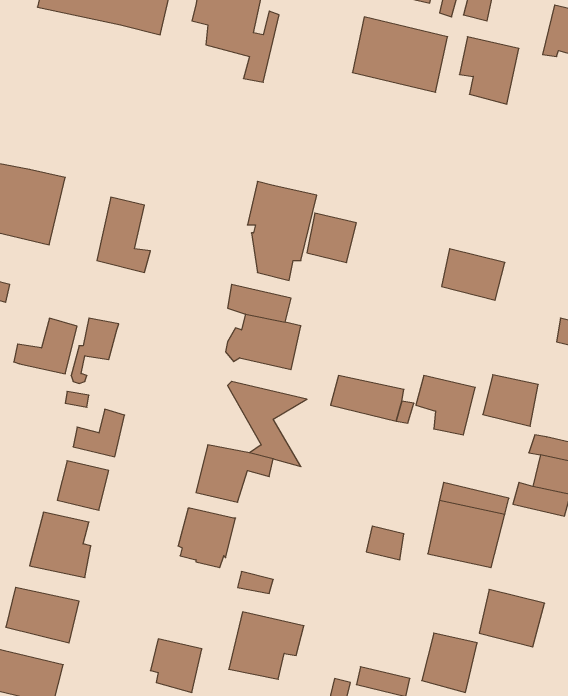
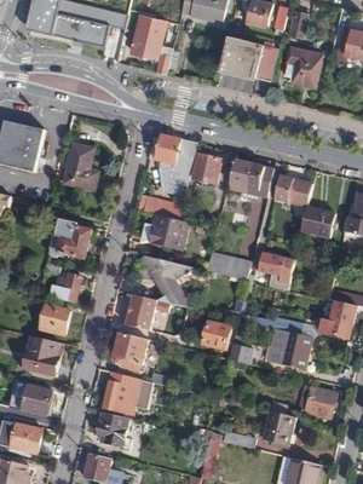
building: none -> [230,160,265,192]
building: [14,318,77,374] -> [54,225,93,259]
building: [483,375,538,426] -> [301,207,335,238]
building: none -> [202,321,232,350]
building: [229,612,304,679] -> [102,373,148,414]

